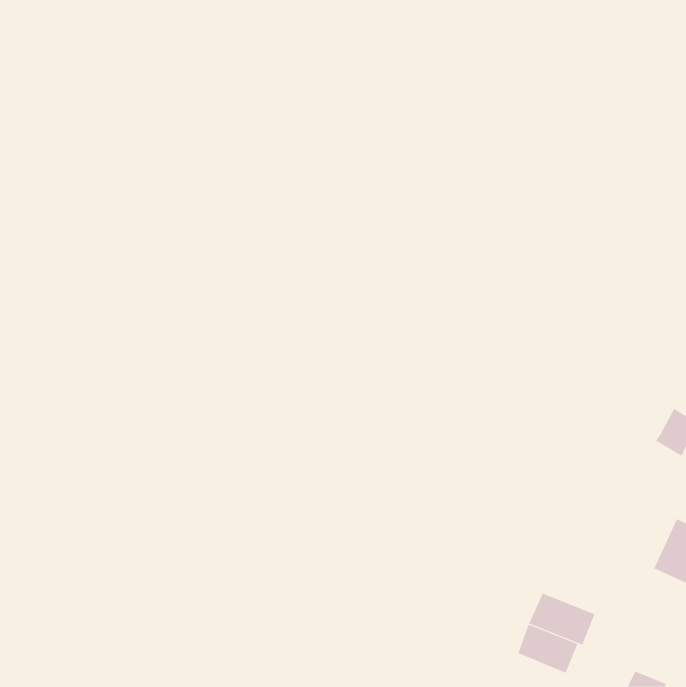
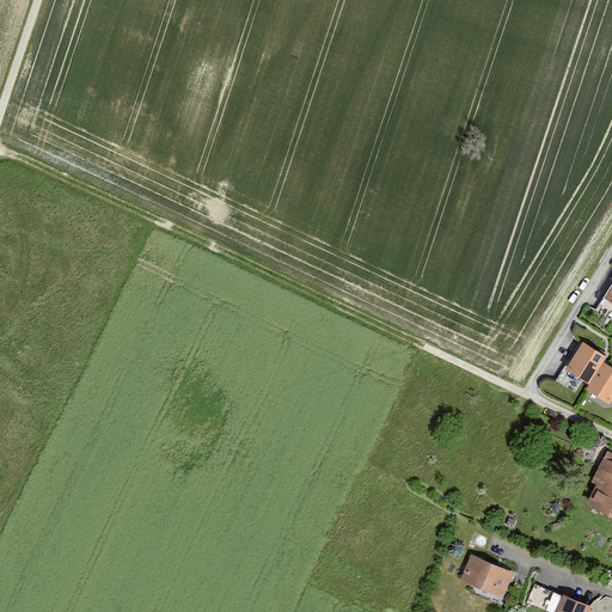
building: none -> [563,344,604,386]
building: [529,593,595,646] -> none

